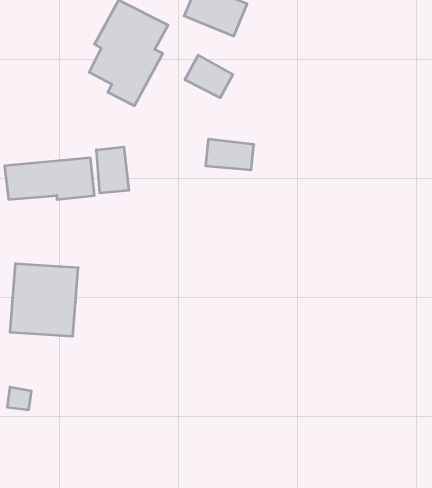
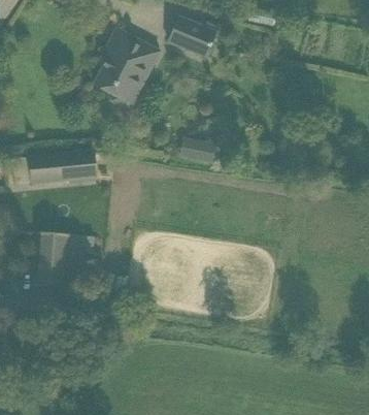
building: [185,55,233,98] -> none
building: [96,147,129,193] -> none

